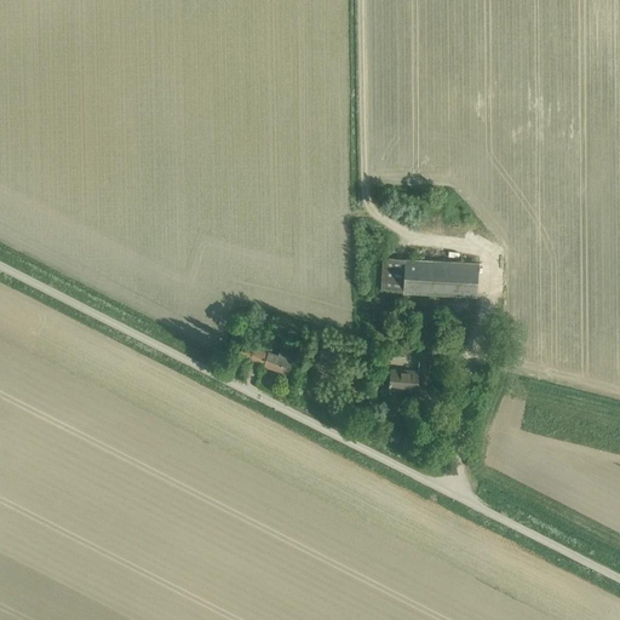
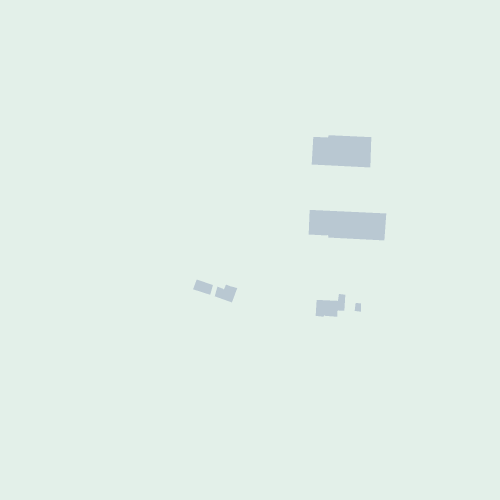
building: none -> [311,135,372,168]

